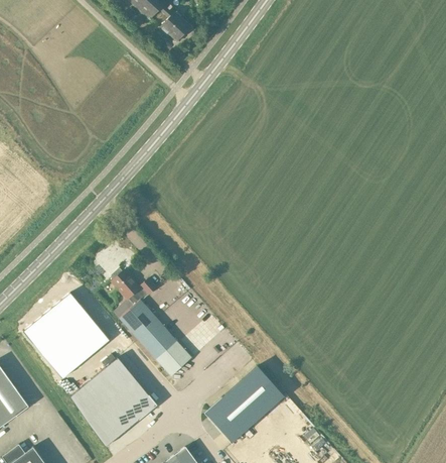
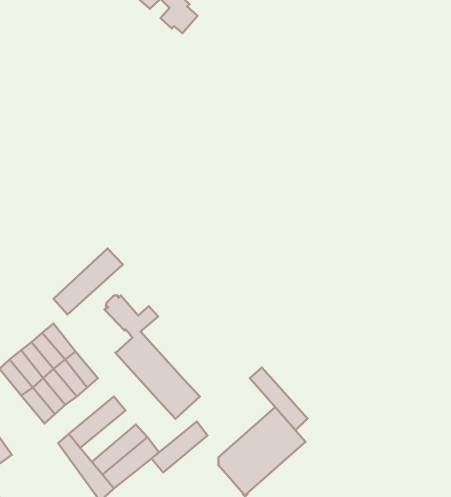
building: none -> [53,249,123,315]
building: none -> [250,368,308,430]
building: [90,369,138,414] -> [152,421,207,473]

